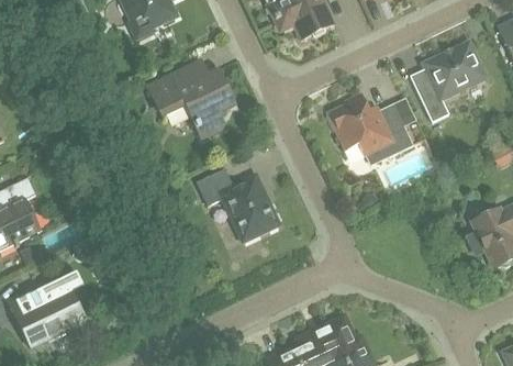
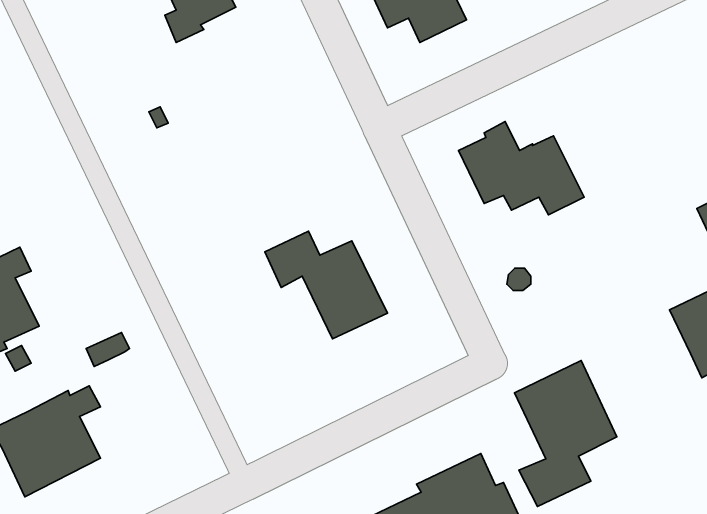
building: [416,41,486,122] -> none
building: [147,67,233,137] -> none
building: none -> [514,360,617,506]

